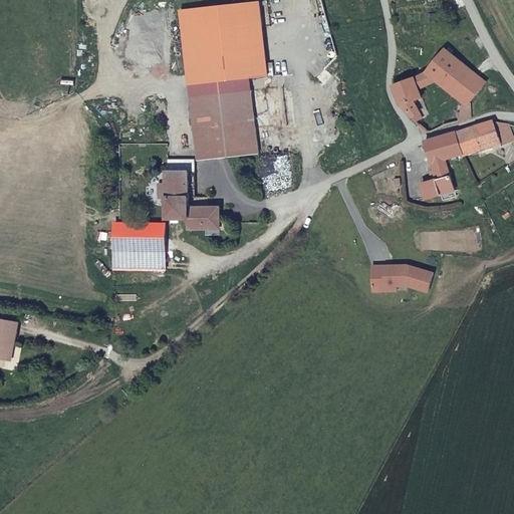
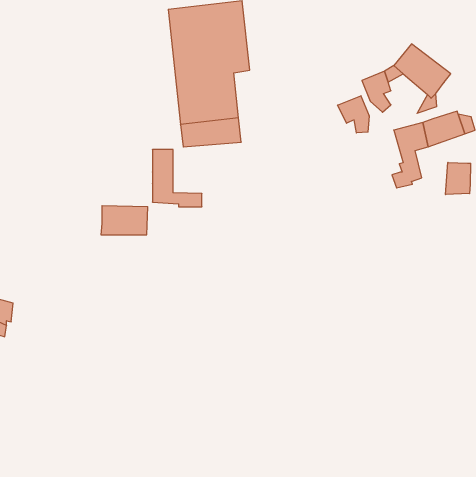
building: none -> [338,96,369,133]
building: none -> [446,162,471,195]
building: [108,252,158,272] -> none
building: [371,265,433,291] -> none

